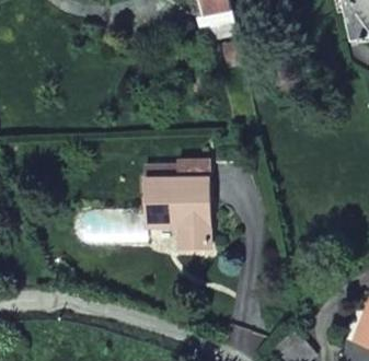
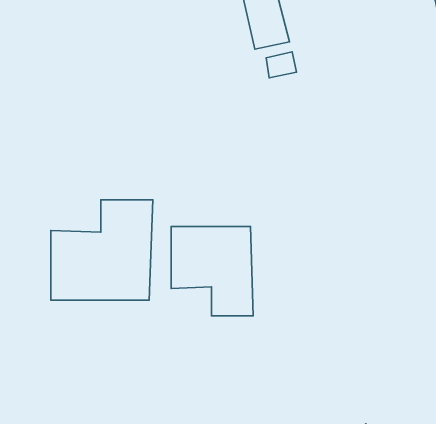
building: none -> [51,200,153,300]

